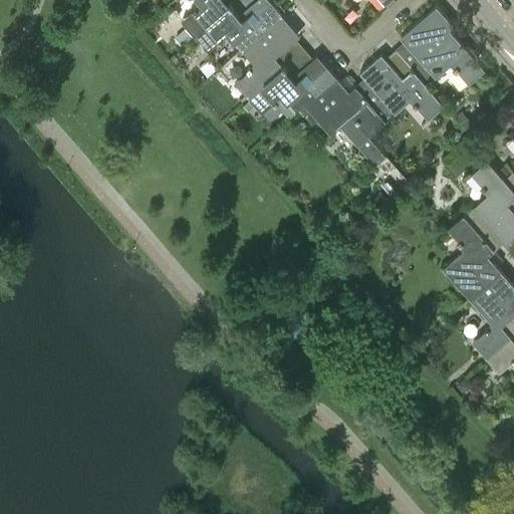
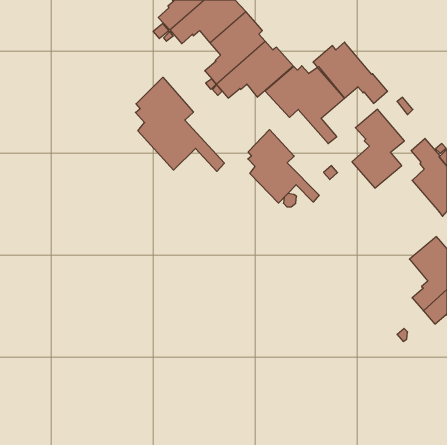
building: [396,8,486,88] -> none
building: none -> [135,77,224,171]
building: none -> [248,130,319,203]
building: [444,210,504,300] -> [352,109,404,188]

